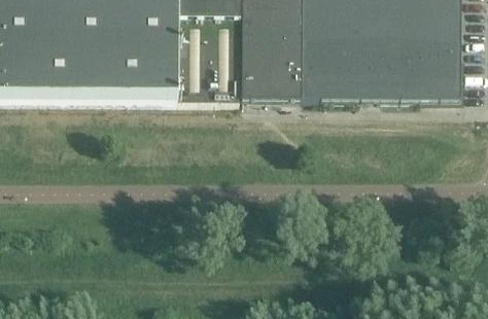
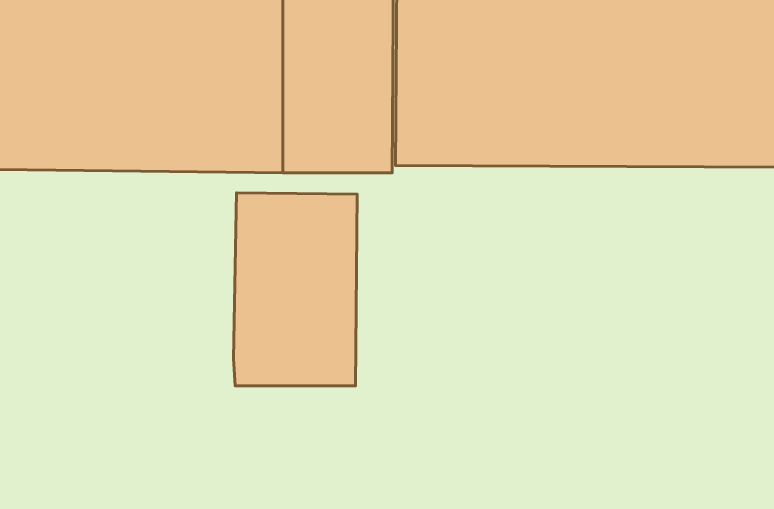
building: none -> [234,193,357,386]

